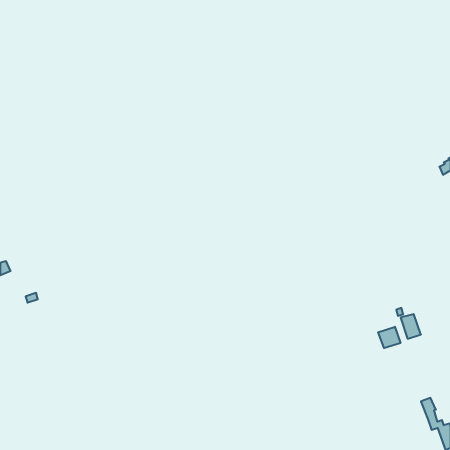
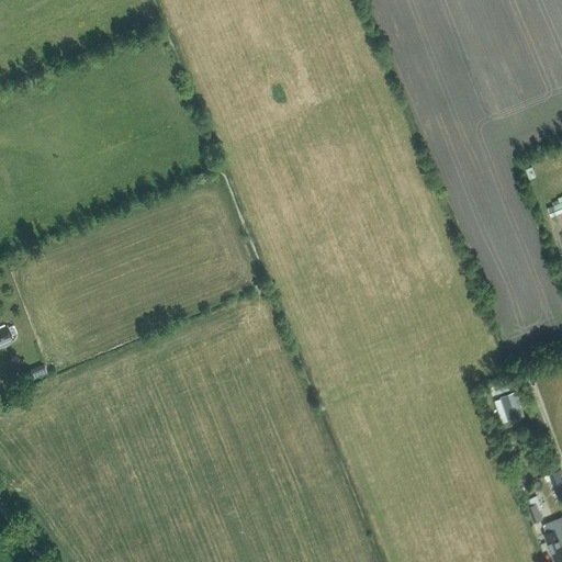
building: [378,327,400,348] -> none

